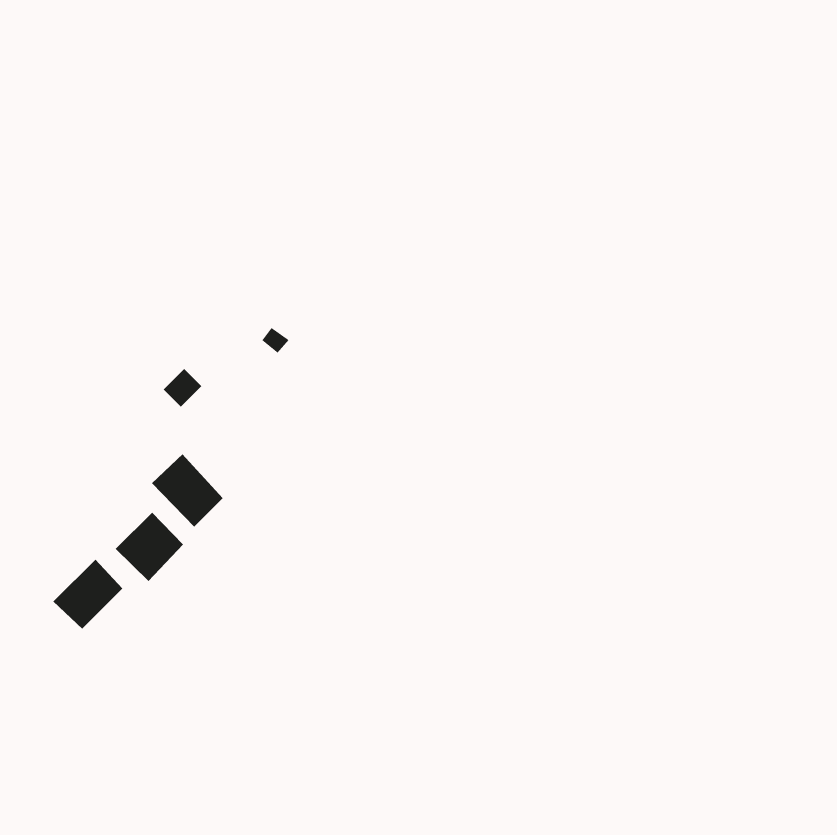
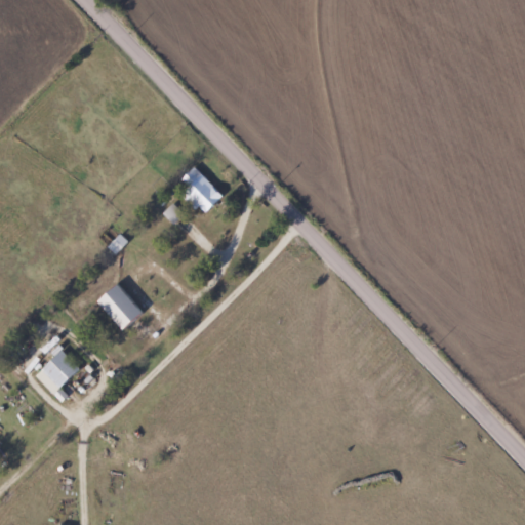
building: none -> [184,172,223,212]
building: [115,512,184,582] -> none

